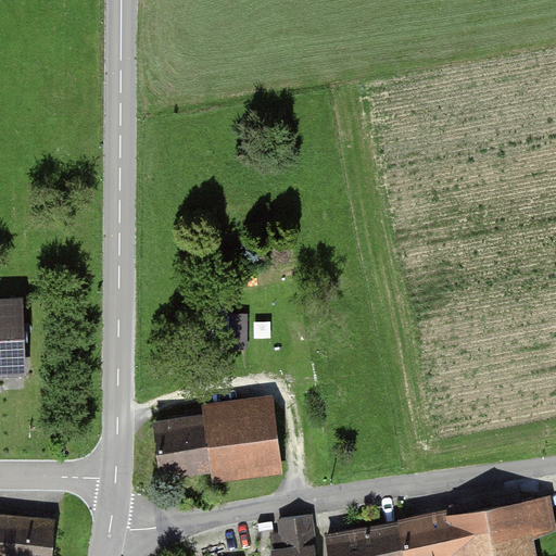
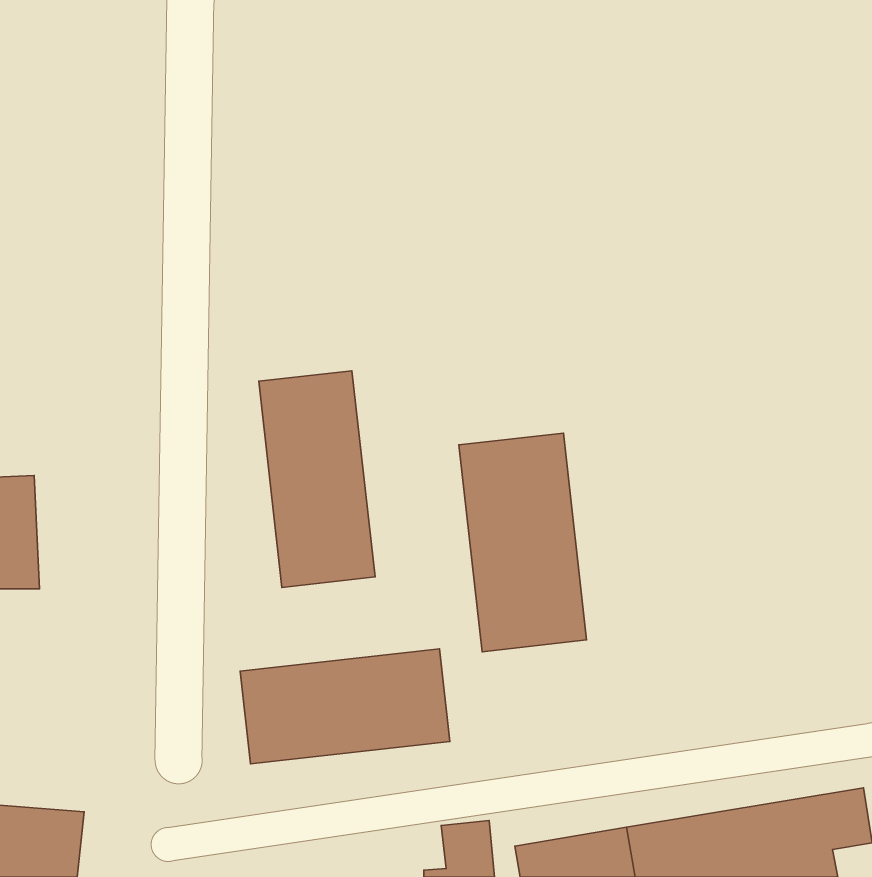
building: none -> [259,371,375,587]
building: none -> [459,433,587,652]

